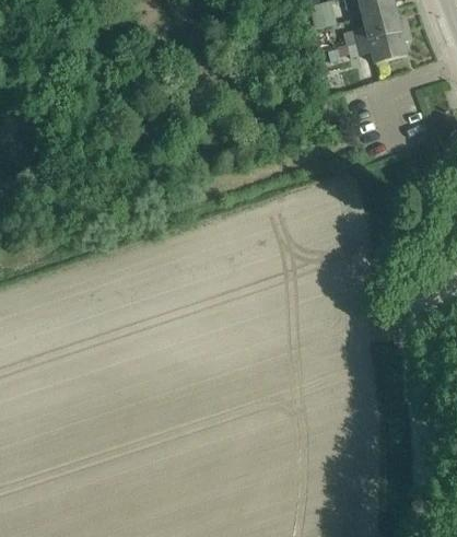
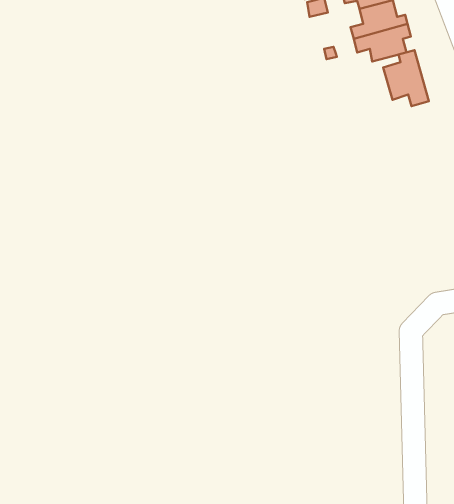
building: none -> [383,50,429,106]

